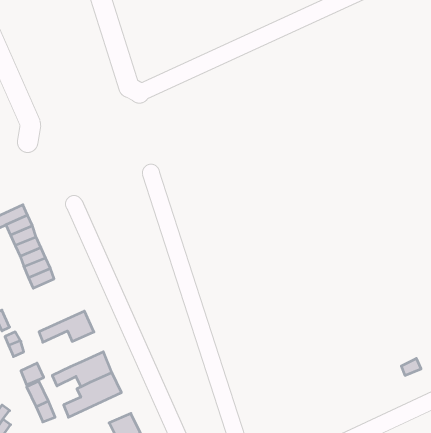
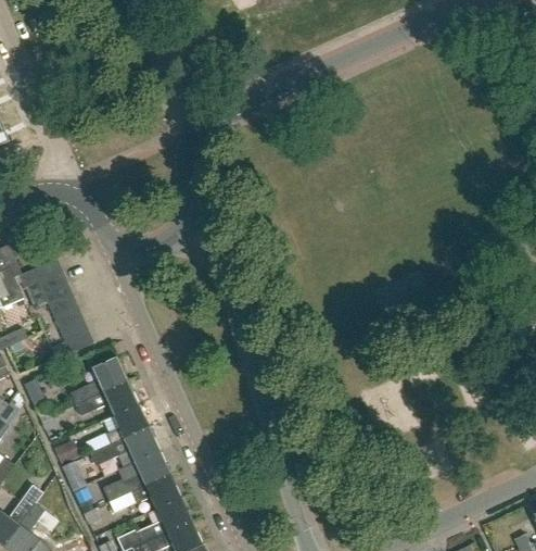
building: none -> [69,355,127,403]
building: none -> [104,403,149,443]
building: none -> [109,473,180,512]

